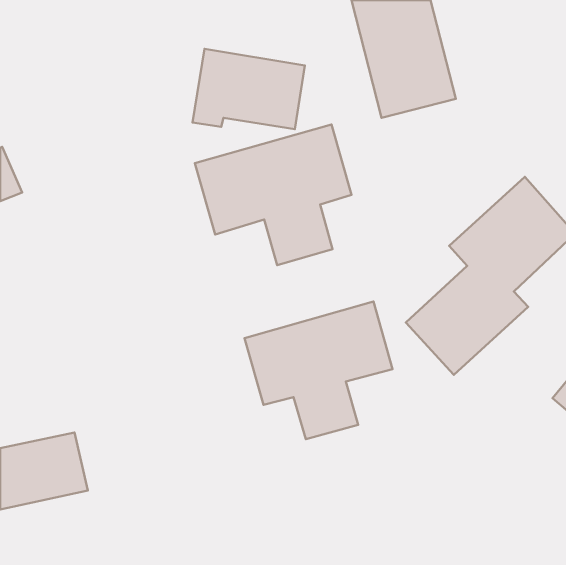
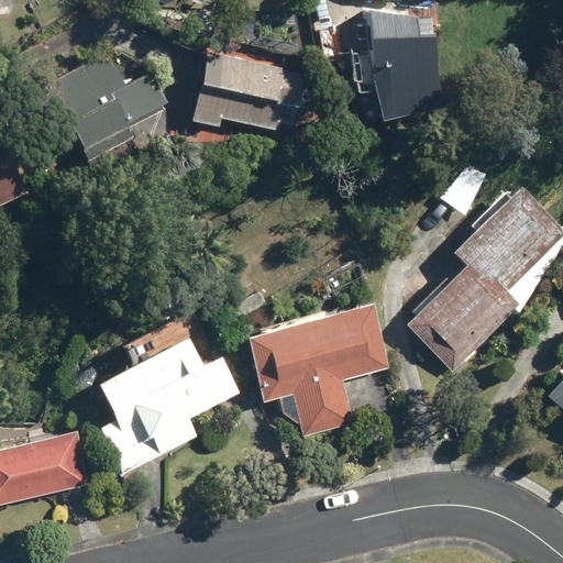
building: none -> [8,55,166,172]
building: [195,124,352,265] -> none
building: none -> [95,336,239,476]

